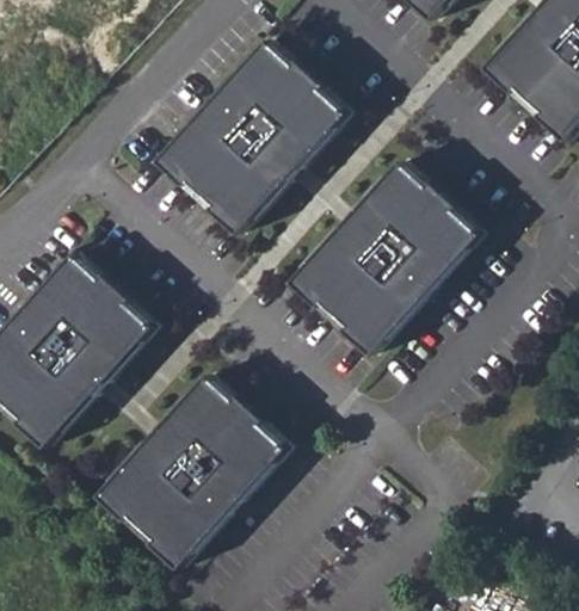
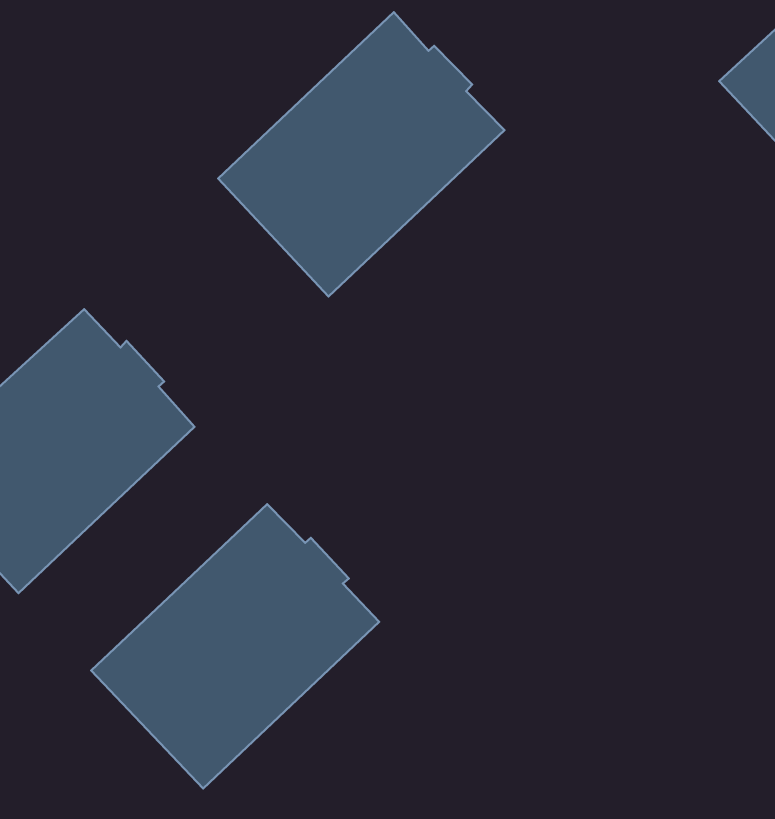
building: [294,162,481,356] -> none

